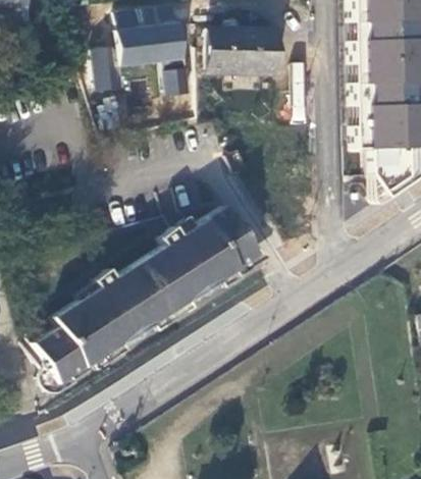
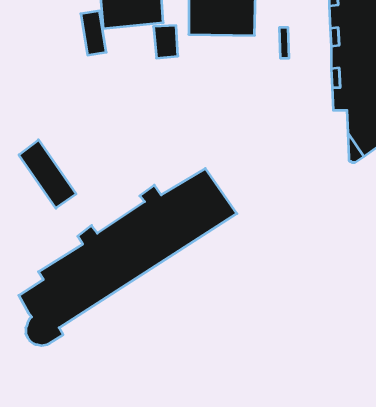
building: none -> [19,140,76,208]

